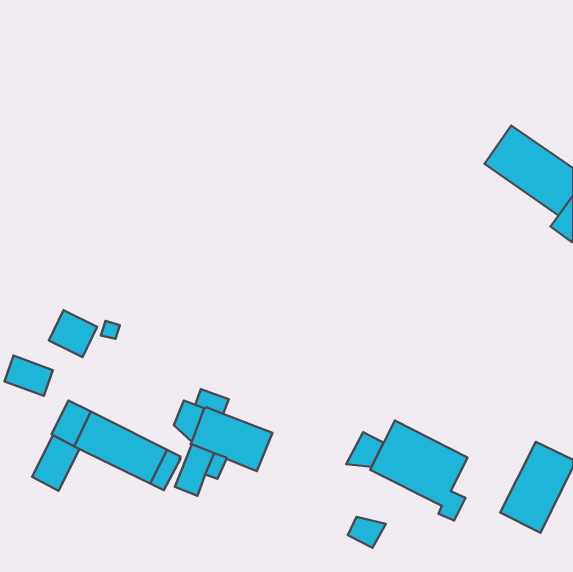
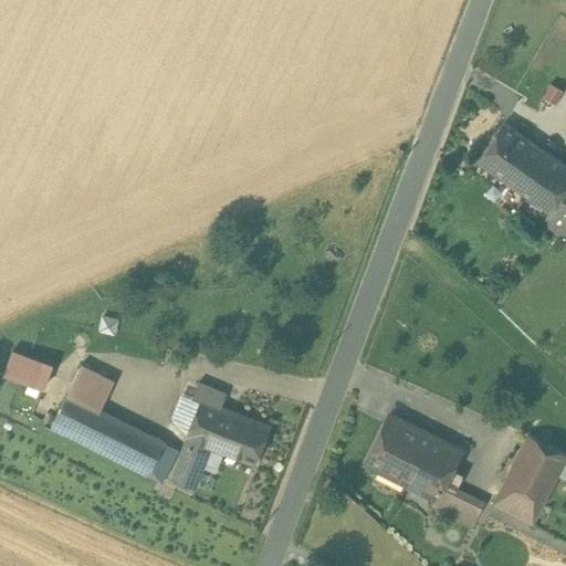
building: [49,310,97,357] -> [67,365,115,411]
building: [346,432,383,467] -> none
building: [32,435,79,491] -> none
building: none -> [448,491,484,525]
building: [348,517,386,548] -> none

